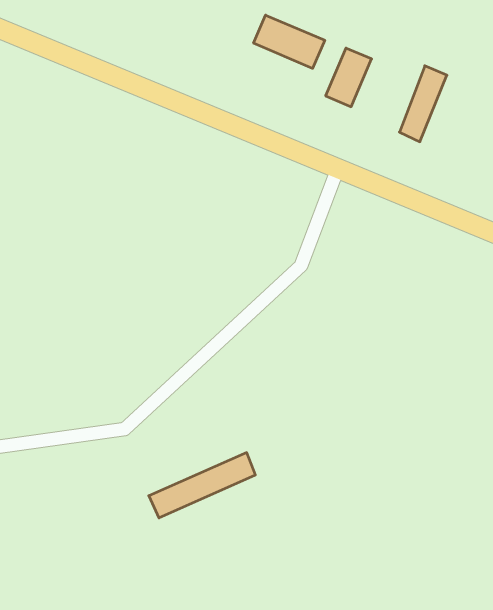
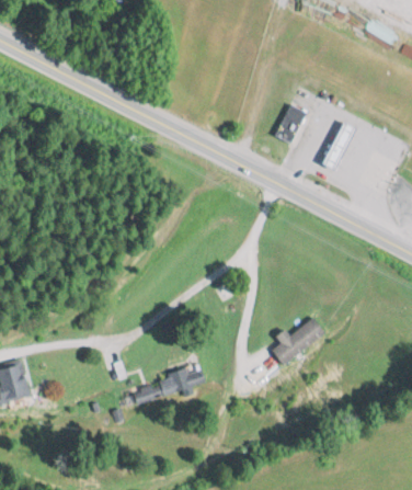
building: [254,15,325,68] -> none
building: none -> [272,318,327,364]

